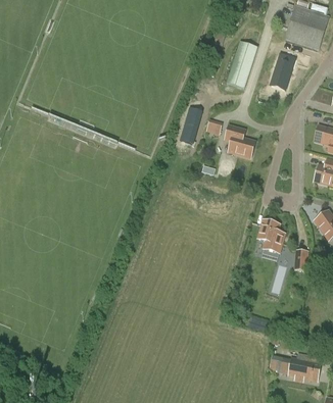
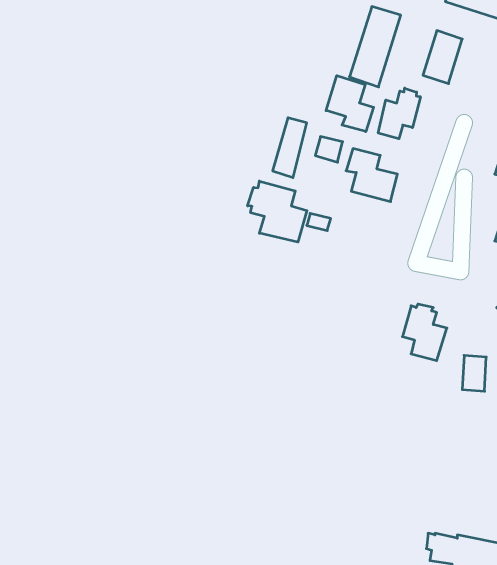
building: none -> [326,76,374,132]
building: none -> [378,88,420,139]
building: none -> [248,181,307,242]

